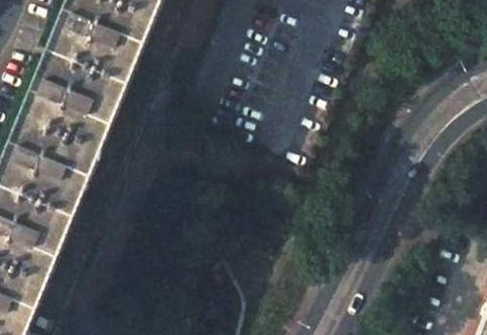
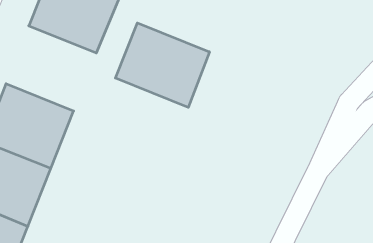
building: none -> [115,23,209,107]
building: [19,52,123,150] -> none

